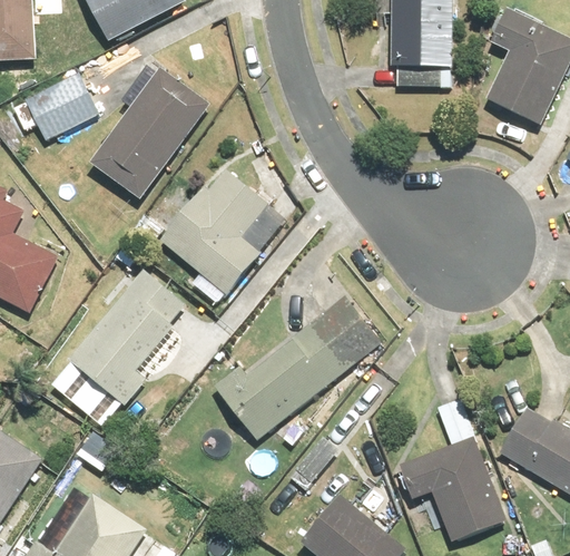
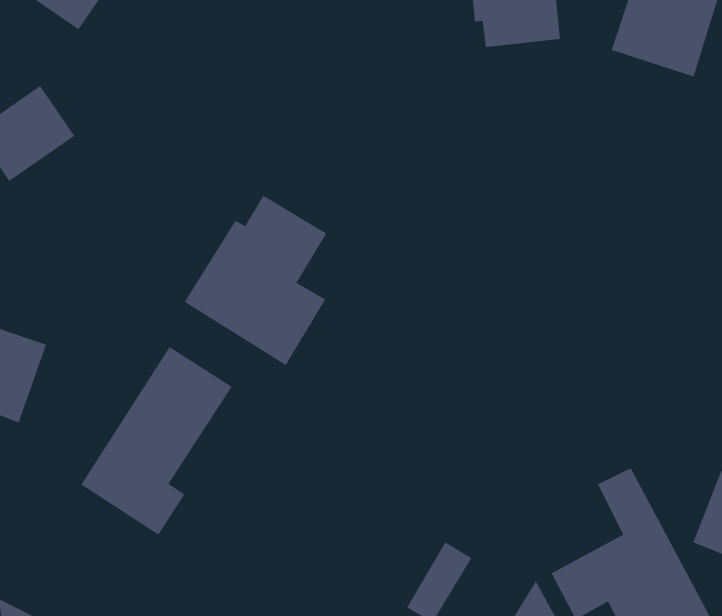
building: [91,67,209,199] -> none
building: [213,297,381,440] -> none

